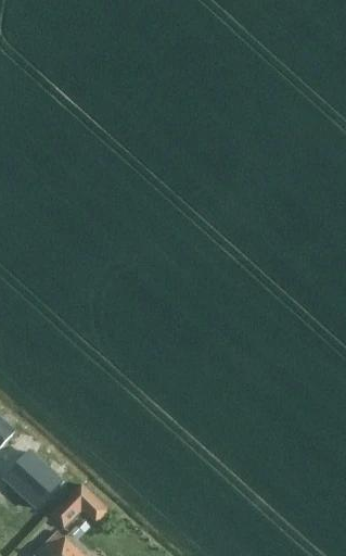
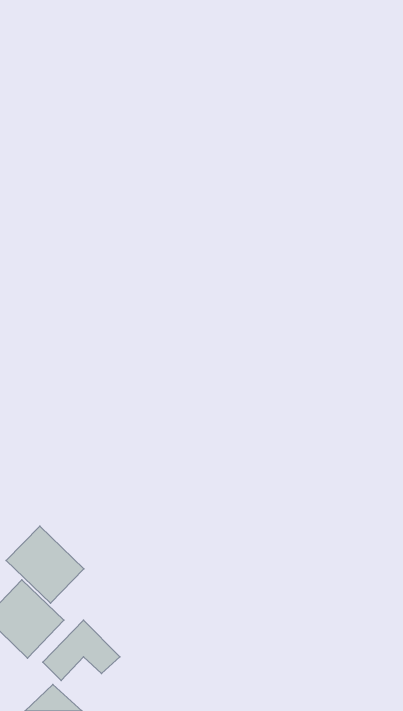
building: none -> [6,526,84,603]

